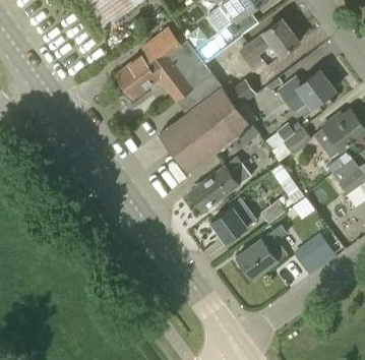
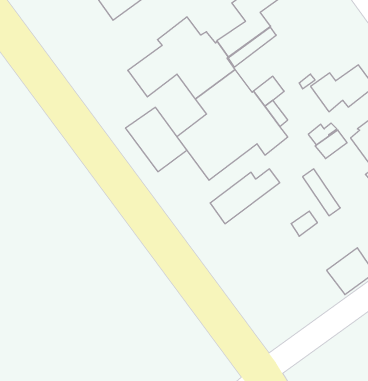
building: [240,18,302,73] -> none
building: none -> [126,107,187,172]
building: [211,200,256,243] -> none
building: [237,226,286,280] -> none

